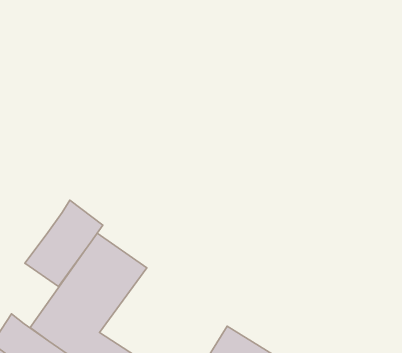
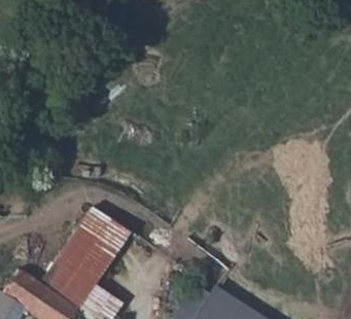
building: [25,200,103,287] -> none

